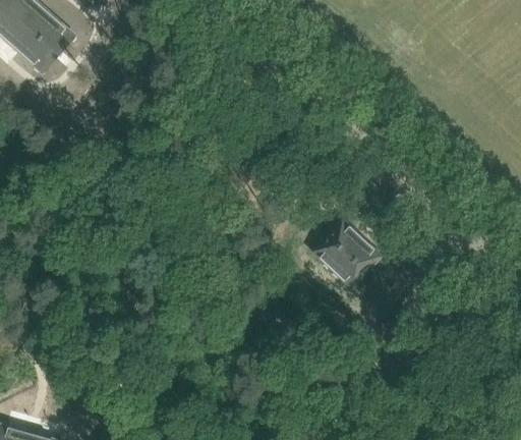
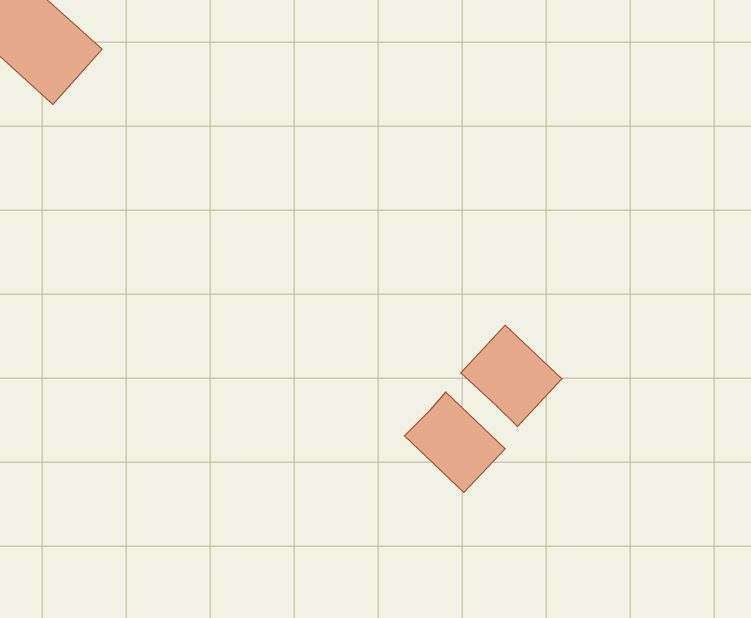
building: none -> [404,392,505,492]

